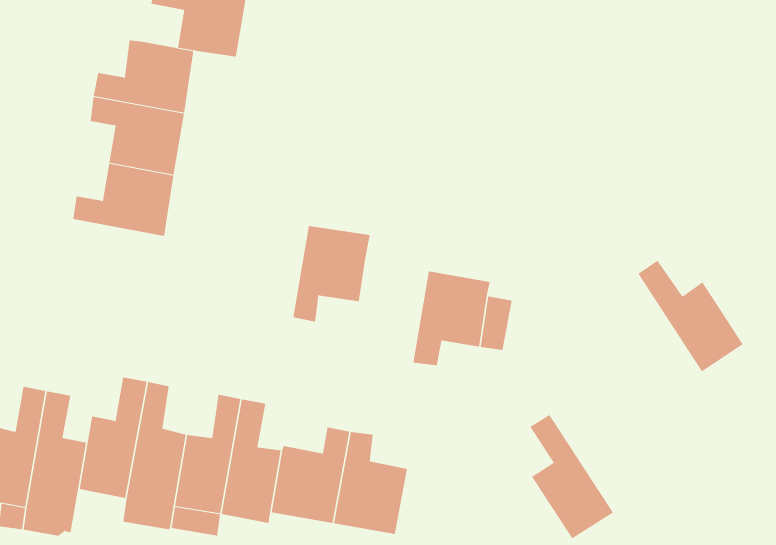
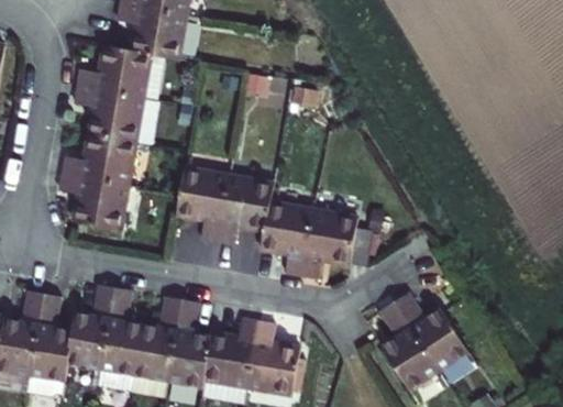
building: none -> [176,169,229,242]
building: none -> [60,173,128,230]
building: [637,260,744,372] -> [399,300,474,380]
building: none -> [262,201,313,274]

